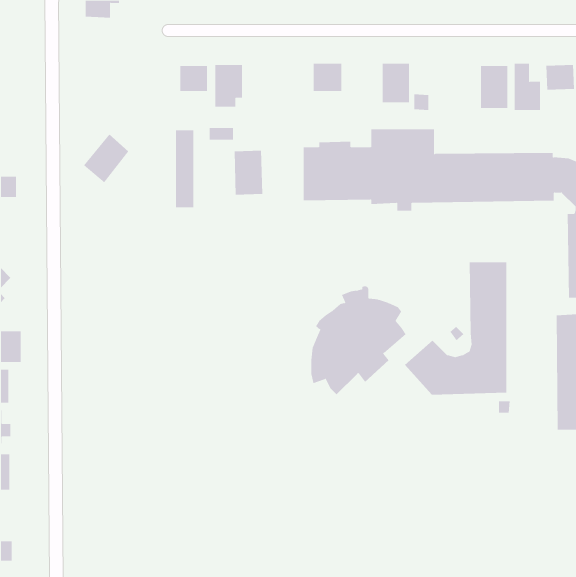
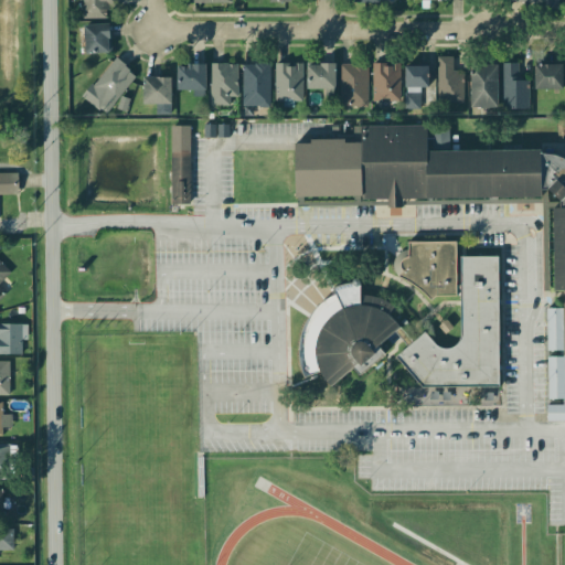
building: none -> [83,23,113,52]
building: none -> [438,56,466,103]
building: none -> [276,62,303,100]
building: none -> [341,63,369,106]
building: none -> [405,65,429,86]
building: none -> [141,76,170,104]
building: [83,133,129,183] -> [92,56,137,105]
building: [234,150,263,195] -> [243,62,271,106]
building: none -> [394,242,455,300]

